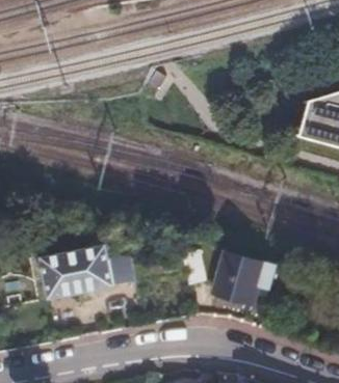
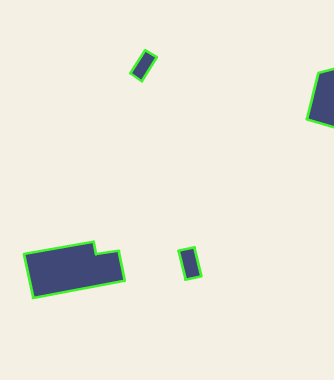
building: [212,251,277,302] -> none

